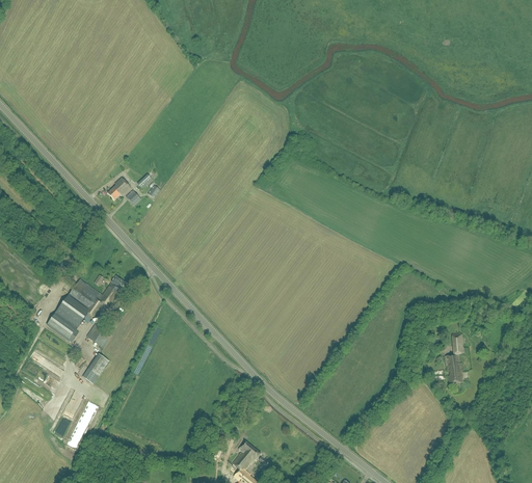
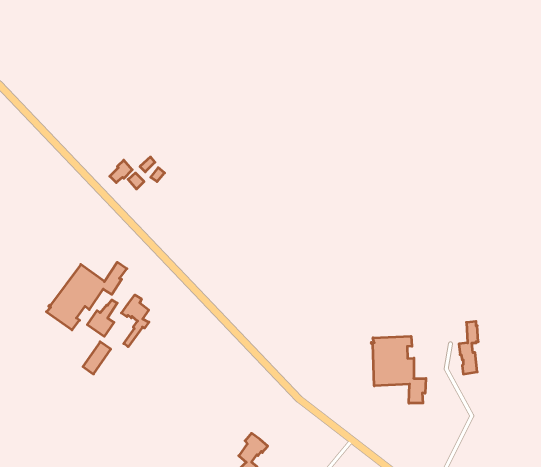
building: none -> [121,295,149,347]
building: none -> [371,336,426,403]

